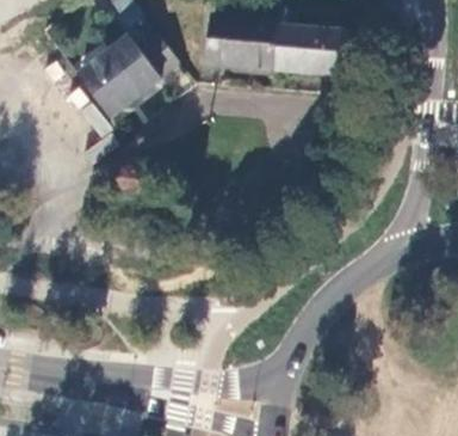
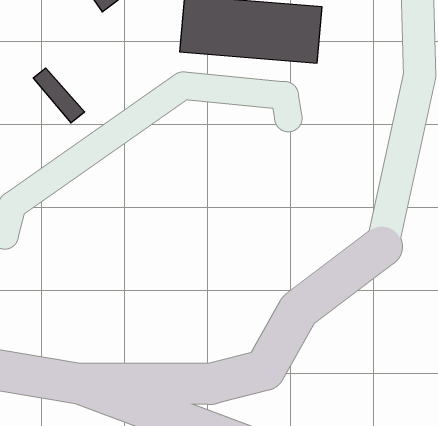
building: [80,35,180,118] -> none

